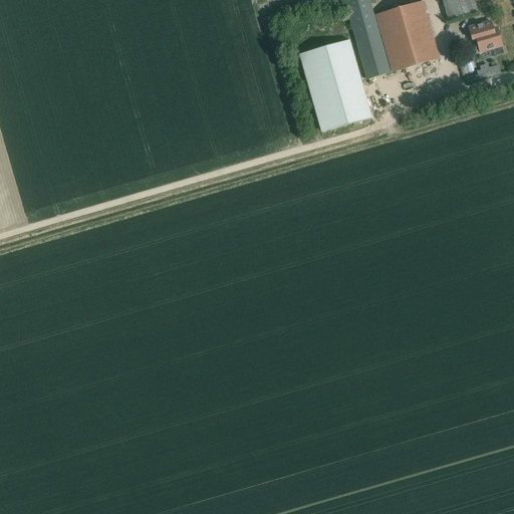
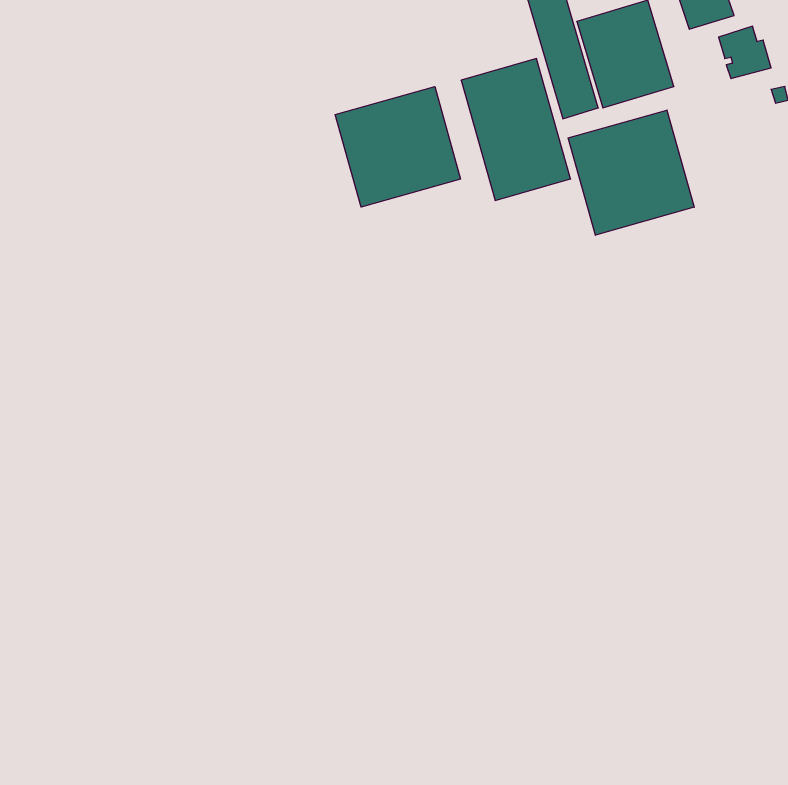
building: none -> [335,87,461,207]
building: none -> [568,110,694,235]

